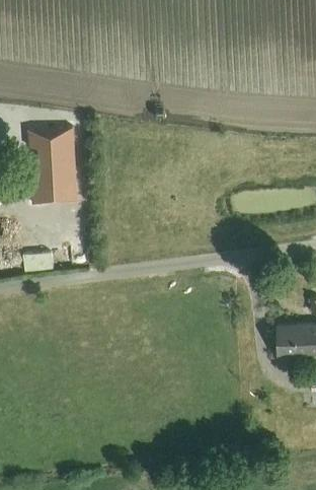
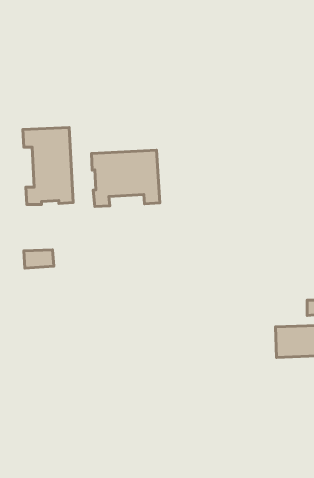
building: none -> [91,150,160,207]

